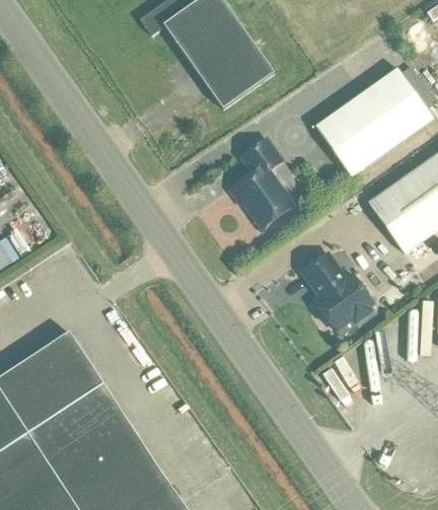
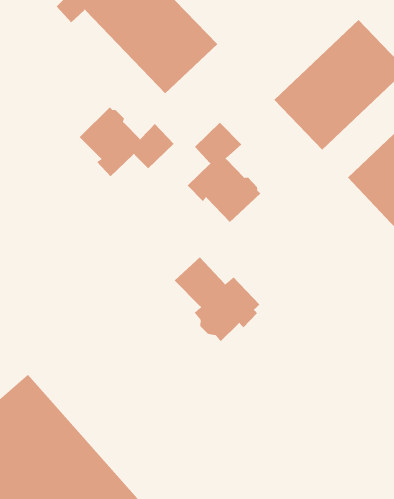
building: none -> [79,106,175,177]
building: [302,253,373,330] -> [174,257,260,342]

